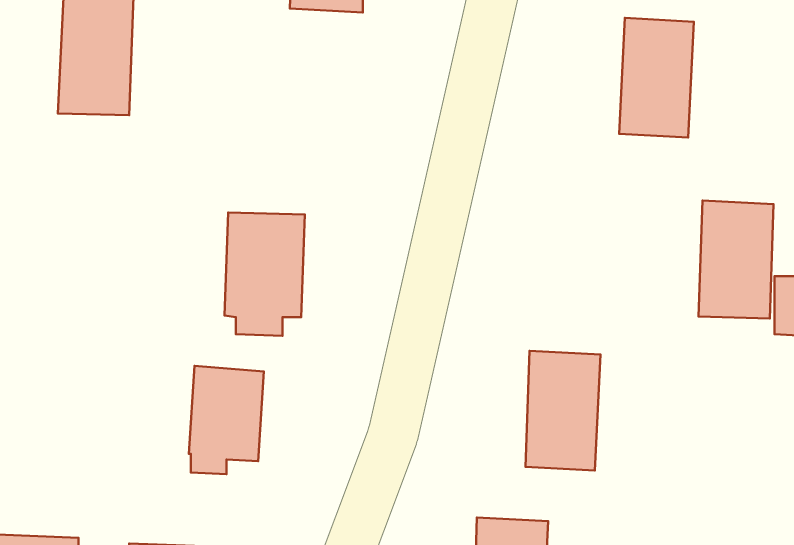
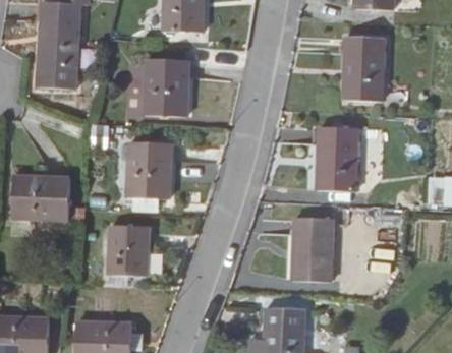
building: none -> [146,60,188,116]
building: [699,201,773,318] -> [317,126,357,190]
building: none -> [12,175,70,220]

